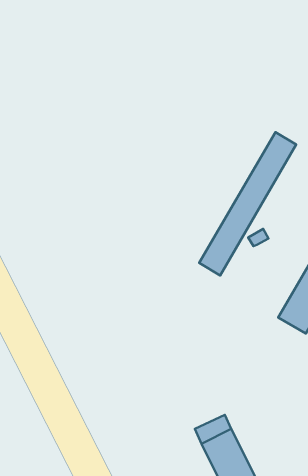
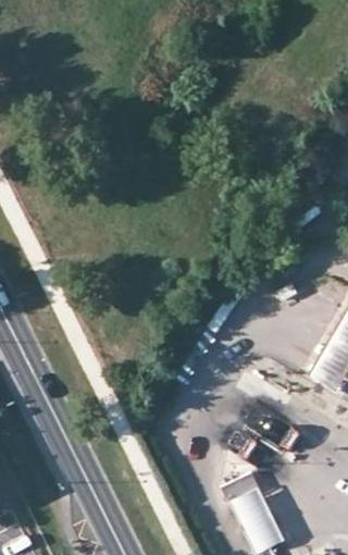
building: [199,132,296,275] -> none

